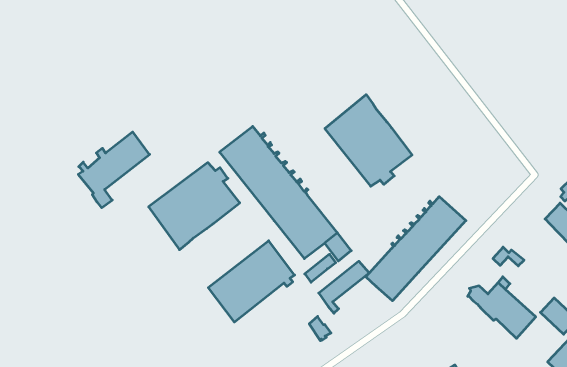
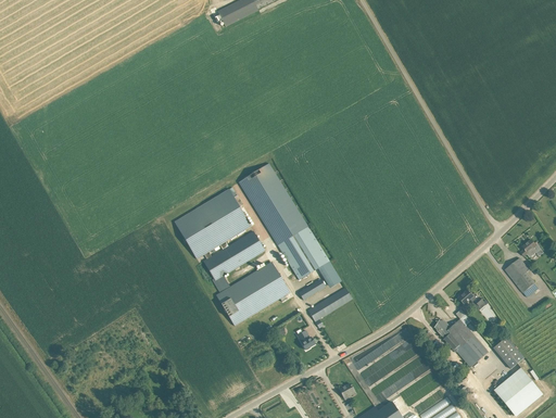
building: [325,95,412,186] -> none
building: [78,132,150,208] -> [203,231,265,292]
building: [366,197,466,301] -> none

